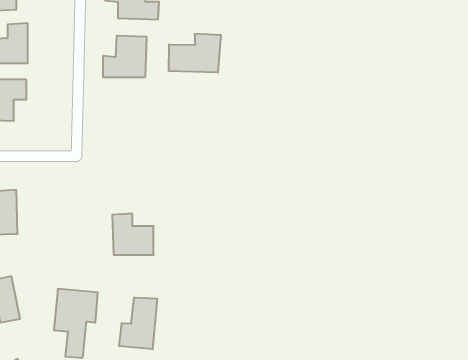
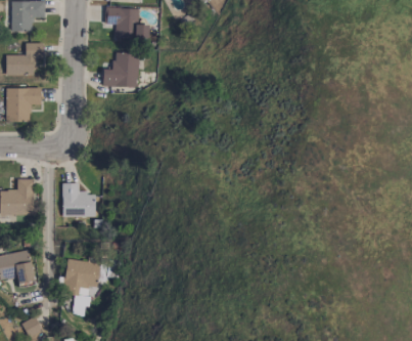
building: [169,34,221,73] -> none
building: [112,214,154,255] -> [62,182,96,216]
building: [119,297,157,349] -> none

